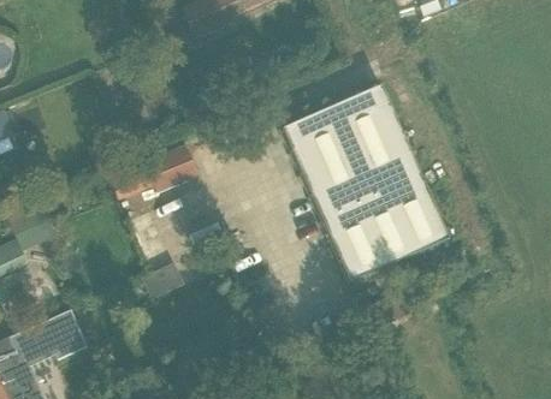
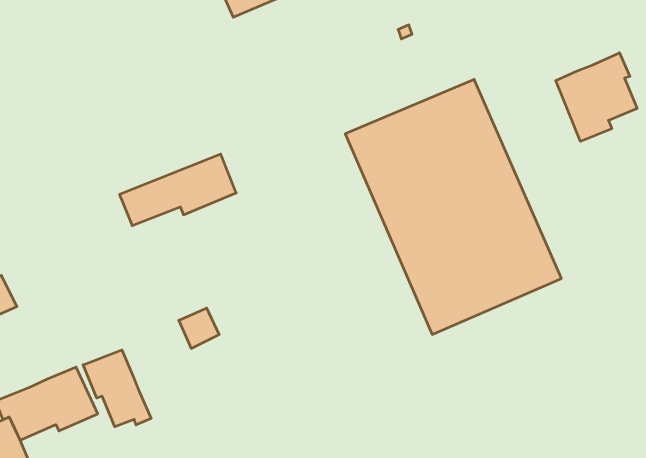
building: none -> [556,53,637,141]
building: none -> [83,350,151,427]

